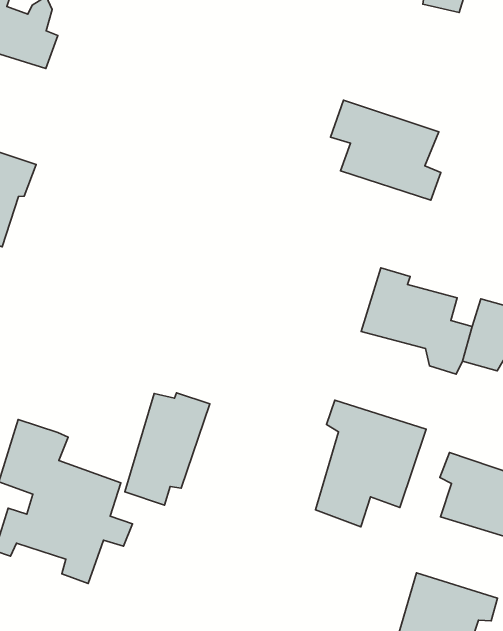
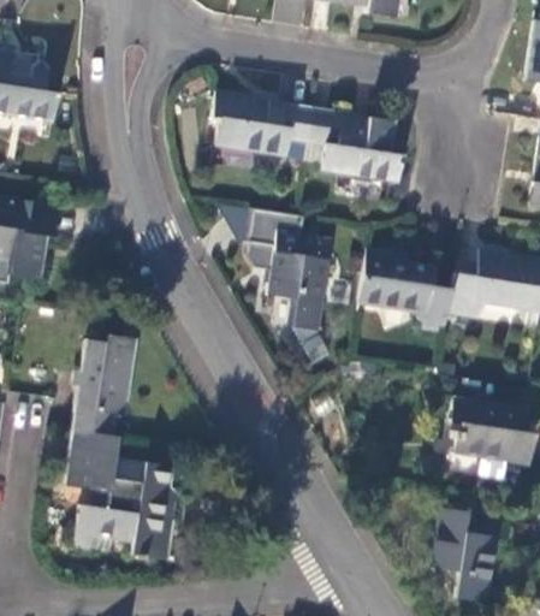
building: none -> [210,90,311,155]
building: none -> [244,211,331,332]
building: [125,393,210,505] -> [75,337,136,436]
building: [315,400,426,527] -> none

